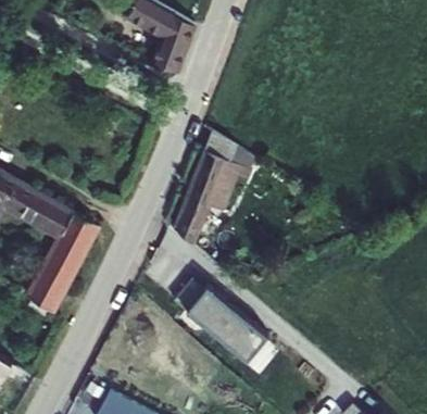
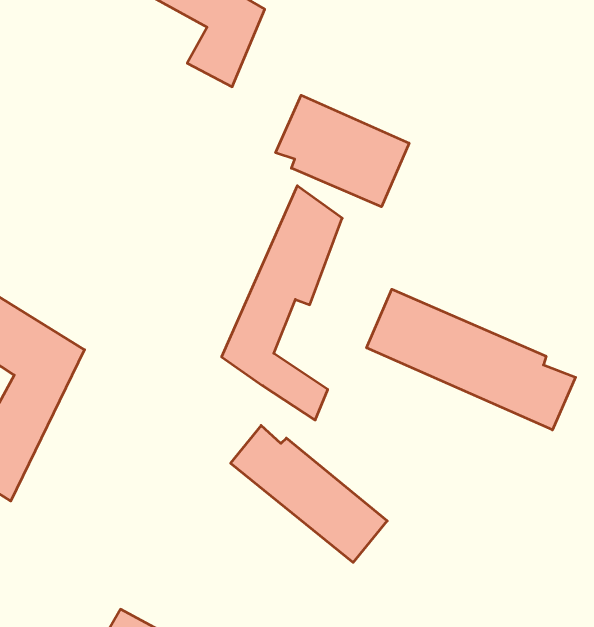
building: none -> [276,95,409,207]
building: none -> [367,289,576,430]

